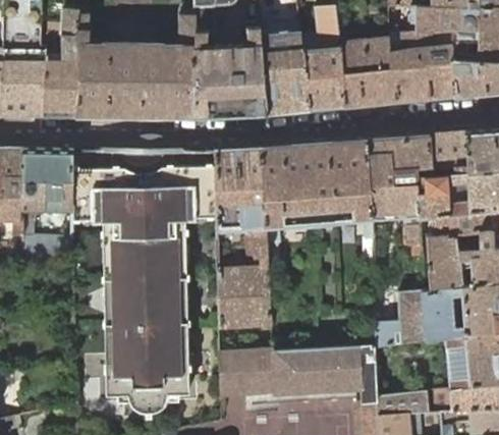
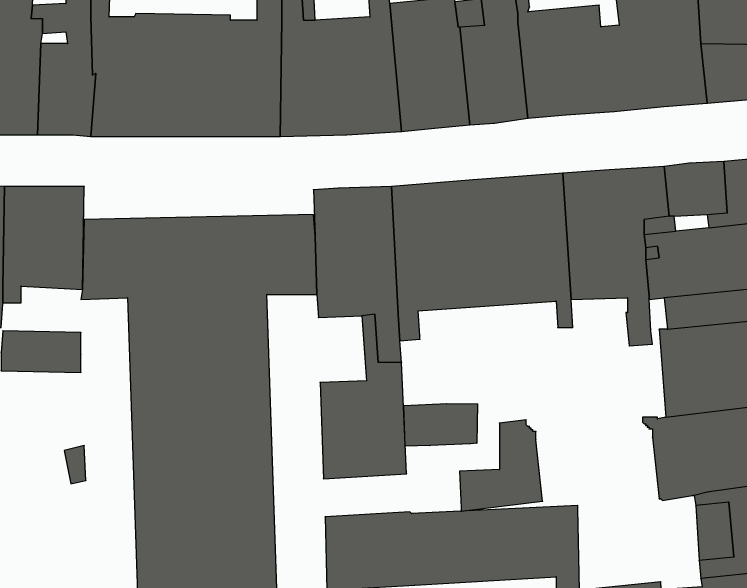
building: none -> [404,404,478,446]
building: [375,290,426,346] -> [460,420,543,511]

